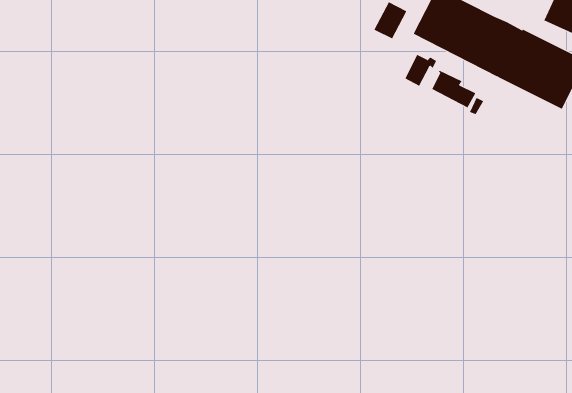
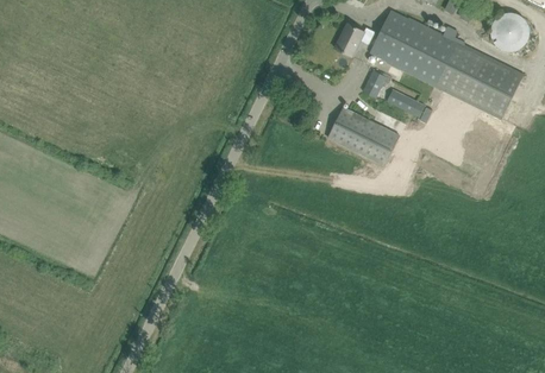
building: none -> [326,106,397,165]

